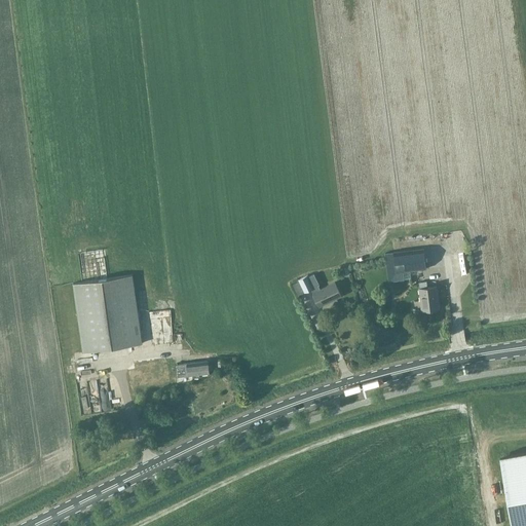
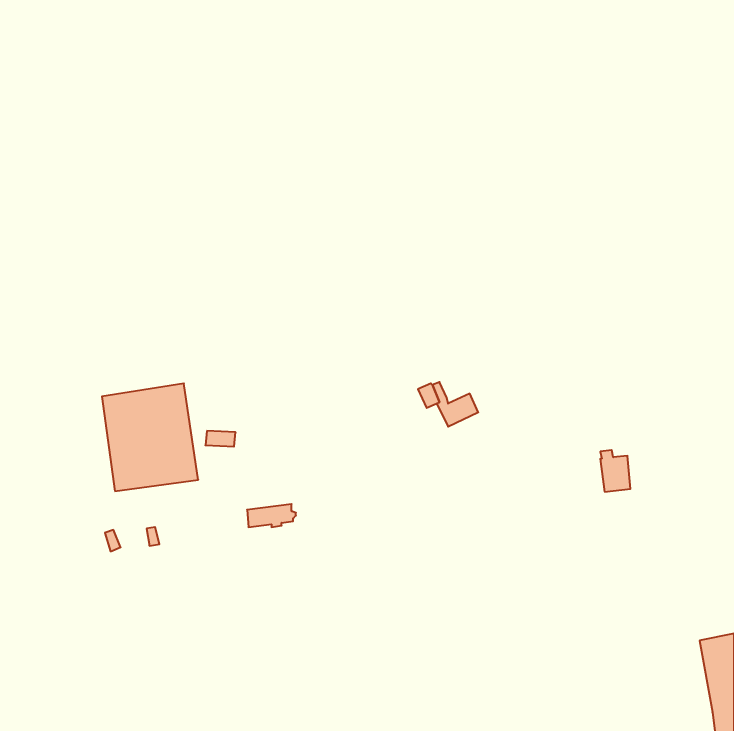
building: [393,250,425,274] -> none
building: [418,284,440,313] -> [600,450,630,492]

